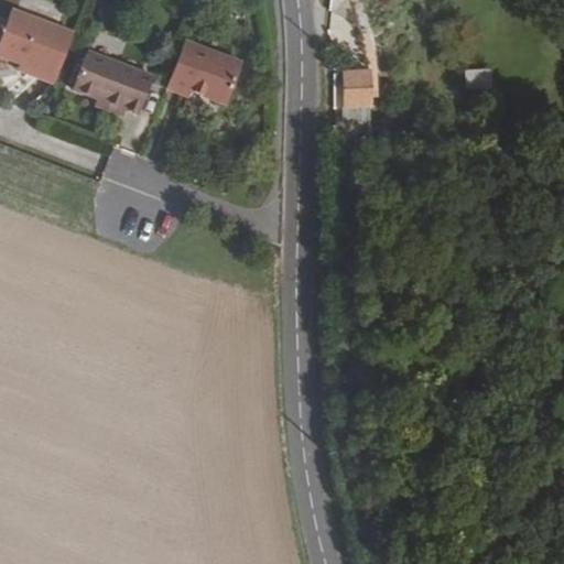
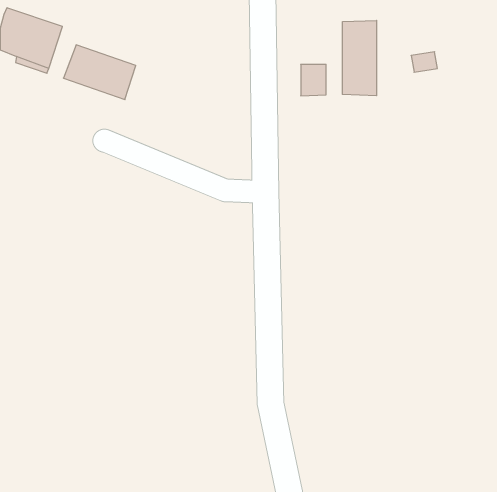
building: none -> [342,20,377,96]
building: [165,41,241,105] -> none

